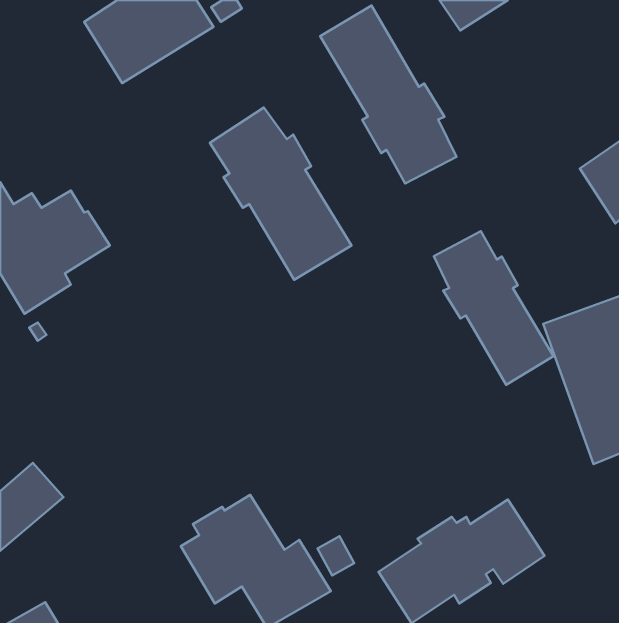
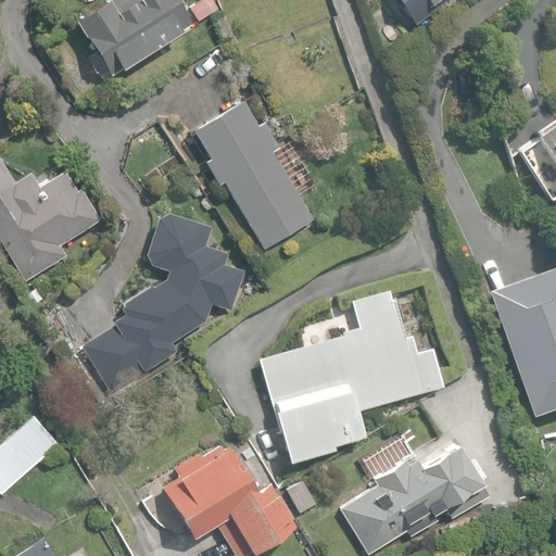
building: [320,5,456,184] -> none
building: [434,231,553,385] -> none
building: none -> [85,213,247,393]
building: none -> [260,290,445,462]

